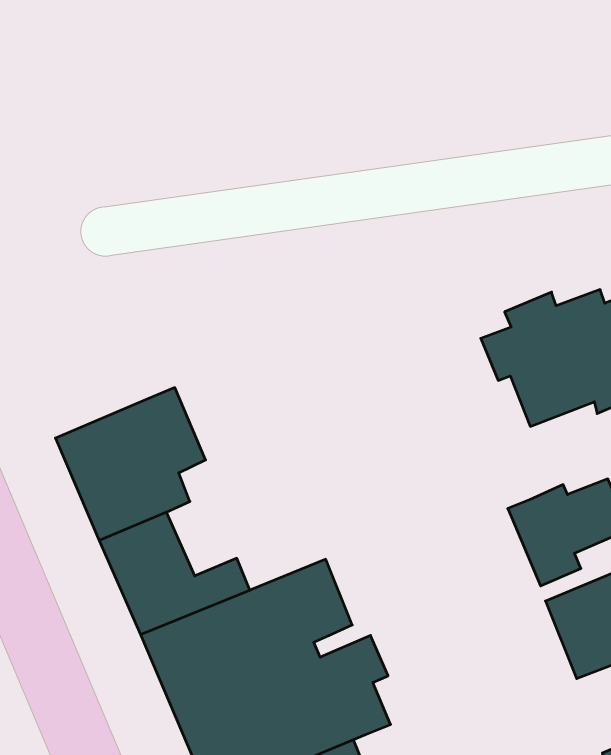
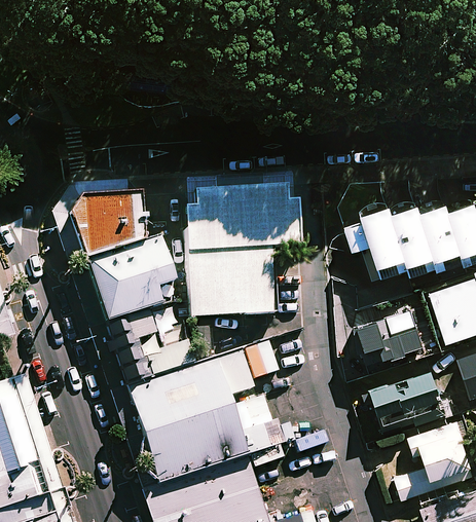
building: none -> [186,188,302,319]
building: none -> [71,197,145,264]

